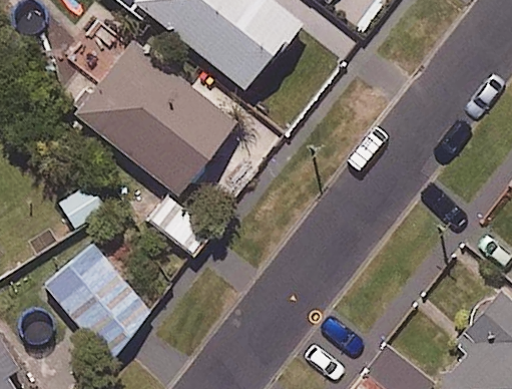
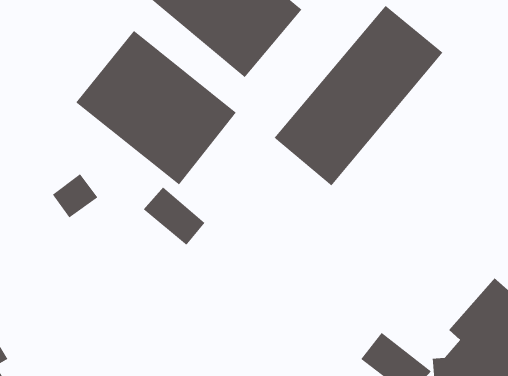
building: none -> [273,5,444,186]
building: [41,240,144,362] -> none

